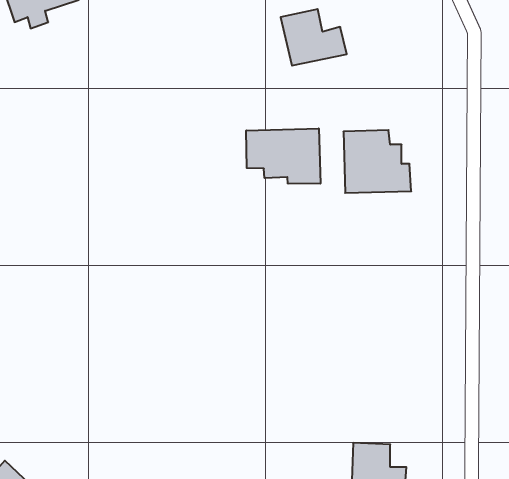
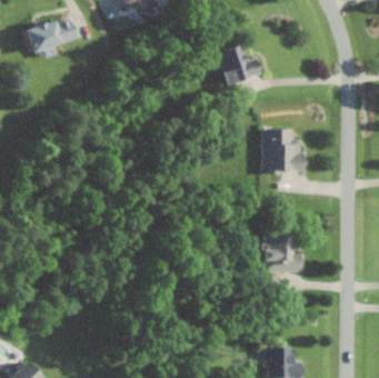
building: [246,128,320,184] -> none
building: none -> [263,233,302,270]

